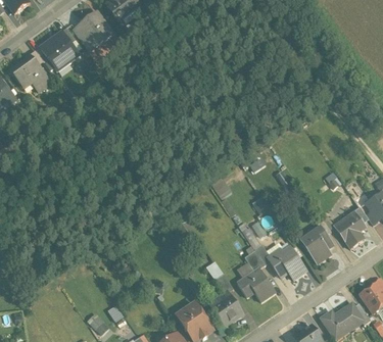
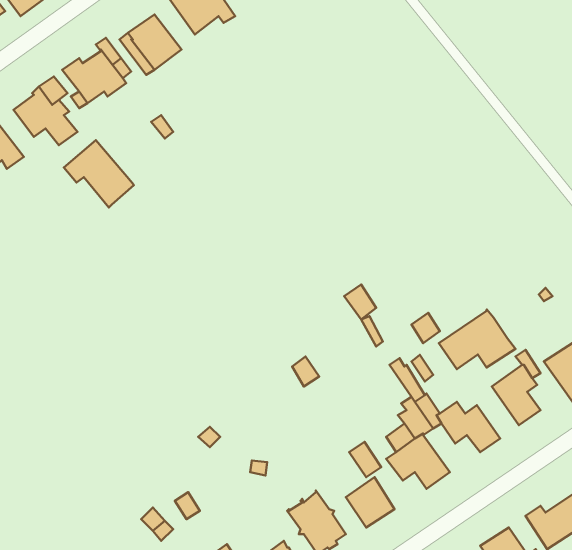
building: none -> [64,140,134,207]
building: none -> [439,309,515,369]

